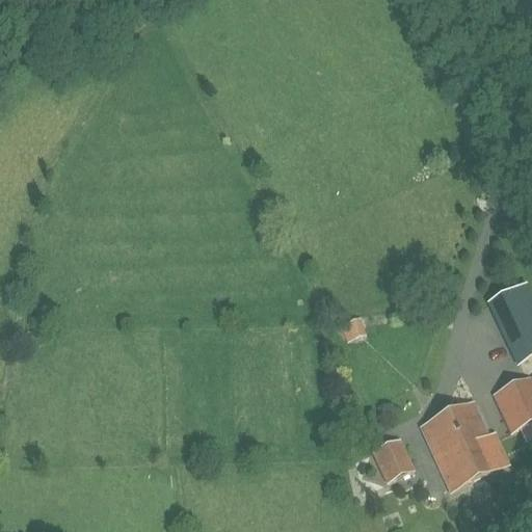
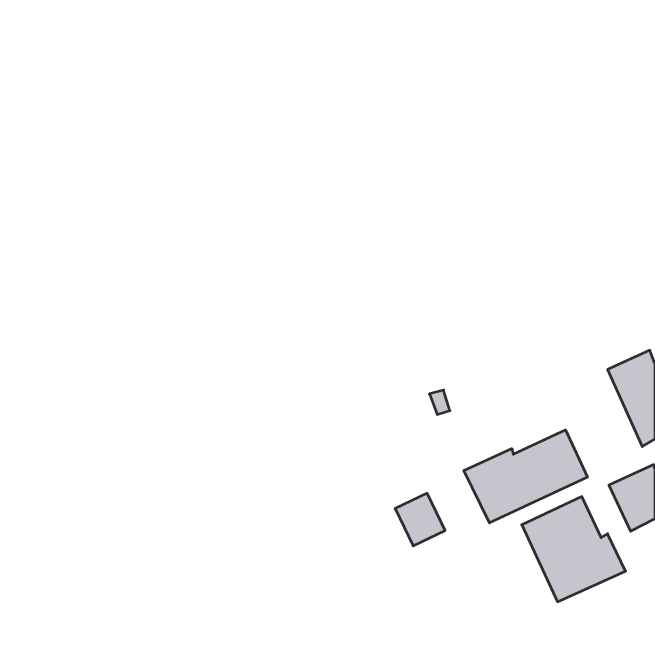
building: none -> [464,430,587,523]
building: [373,437,414,480] -> [395,493,445,546]

